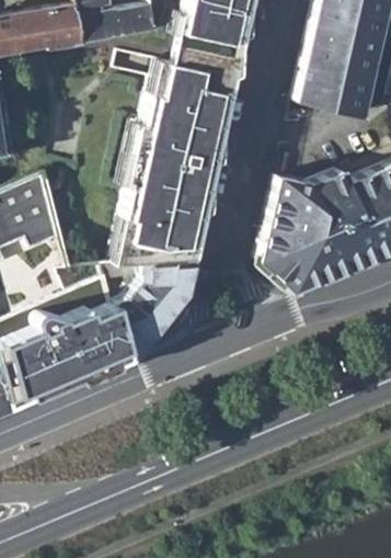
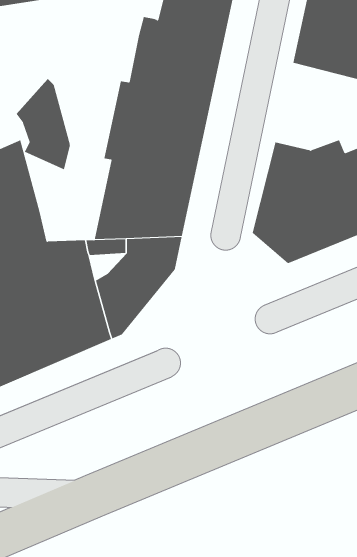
building: none -> [16,78,70,170]

